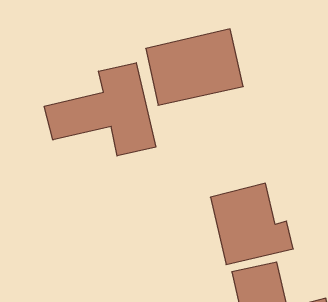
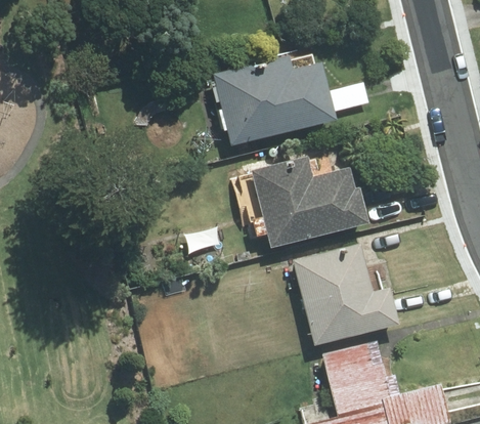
building: [44,63,156,156] -> none
building: none -> [251,158,365,251]

